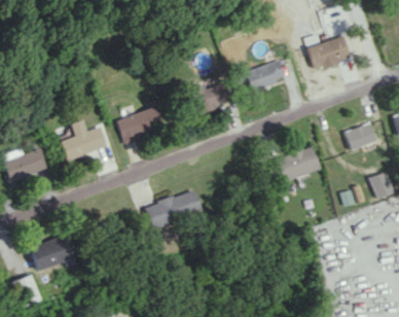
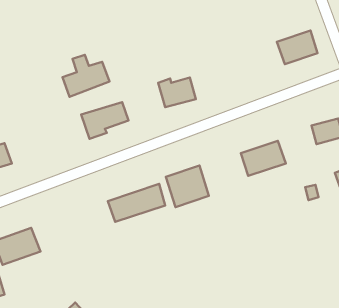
building: [248,61,288,90] -> none
building: [60,119,107,162] -> [62,55,109,97]
building: none -> [166,165,209,207]

